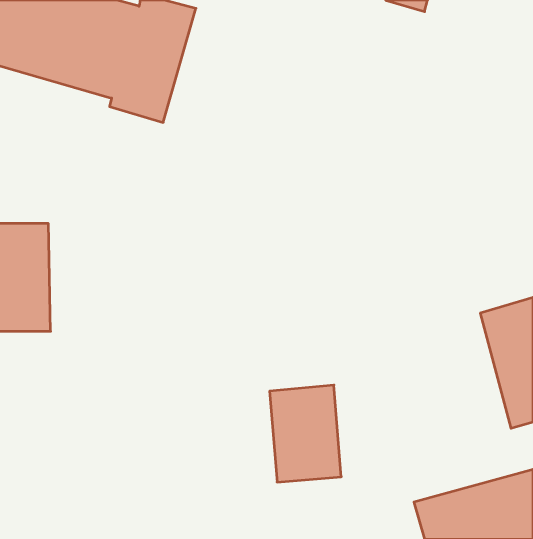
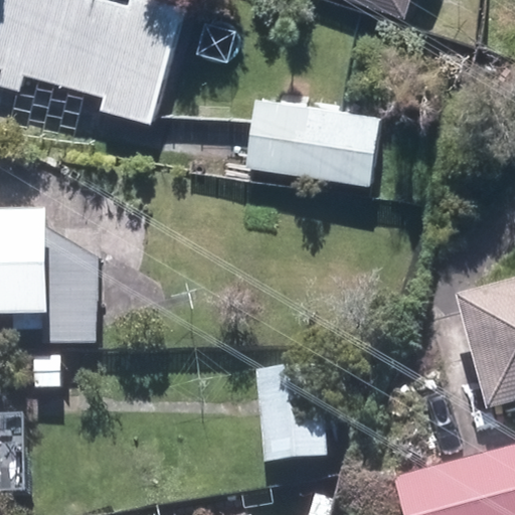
building: none -> [247,101,377,177]

